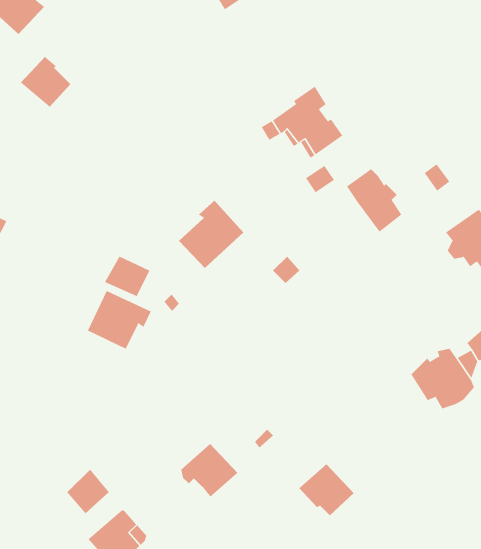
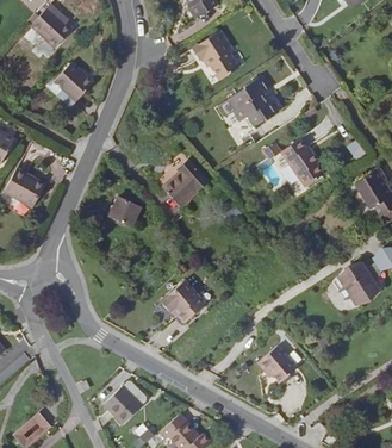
building: none -> [197,31,242,81]
building: [87,290,151,350] -> none
building: [181,443,238,497] -> [166,278,207,317]
building: [66,469,110,514] -> none

